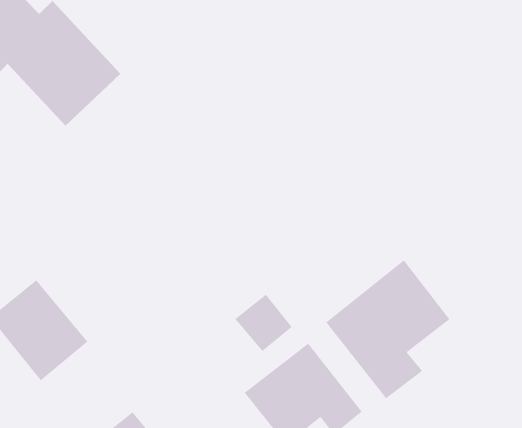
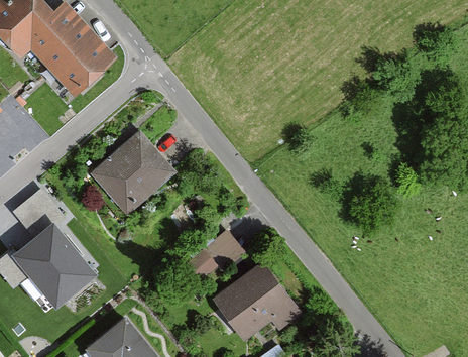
building: none -> [91,133,173,216]
building: [326,259,450,399] -> none

